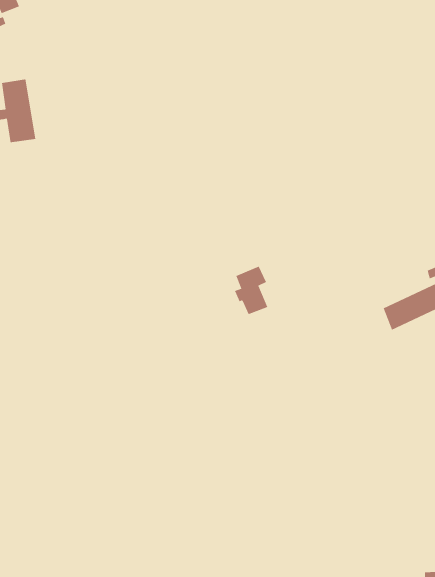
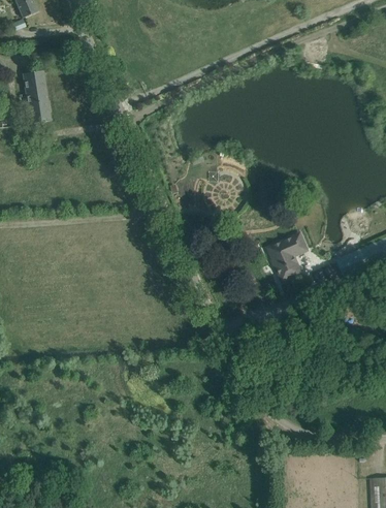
building: [234,266,268,315] -> [272,237,300,278]

